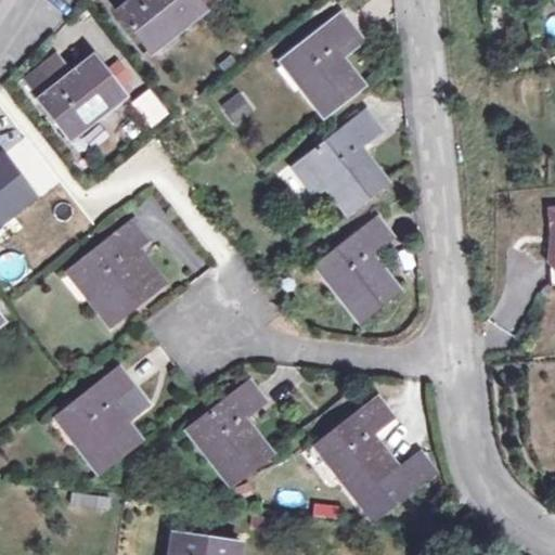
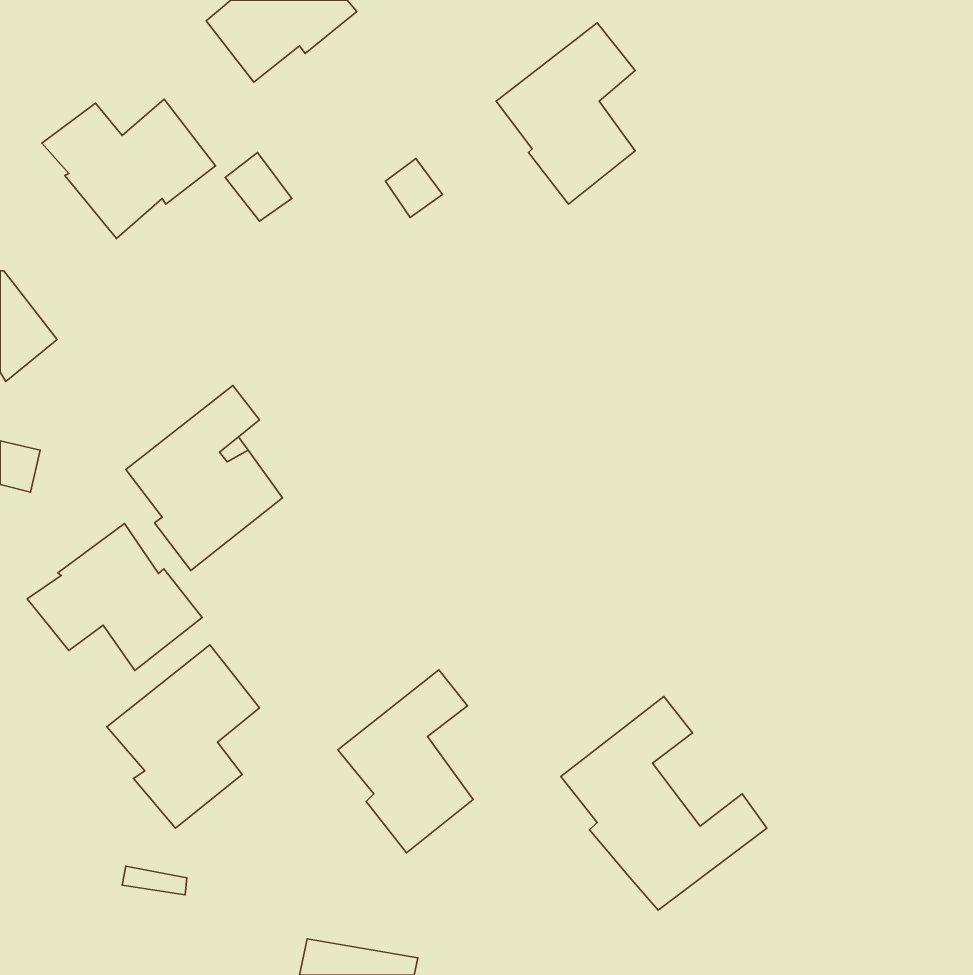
building: [292,109,386,214] -> none
building: [319,217,398,320] -> none
building: none -> [27,524,202,670]

